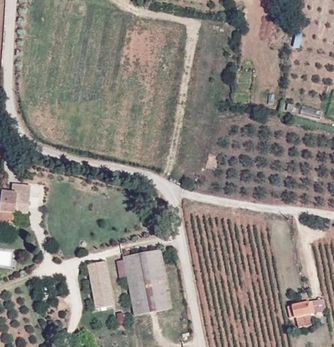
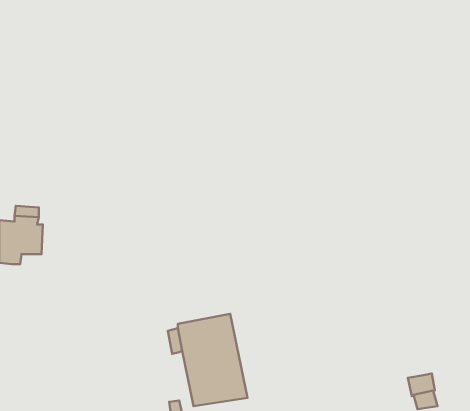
building: [88,263,114,310] -> none

